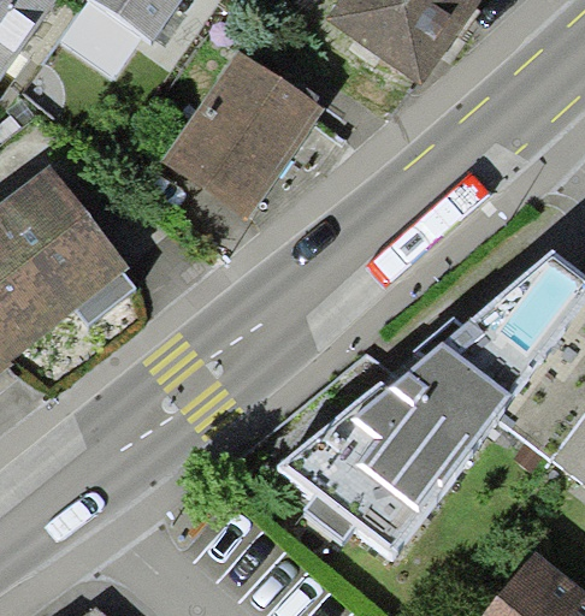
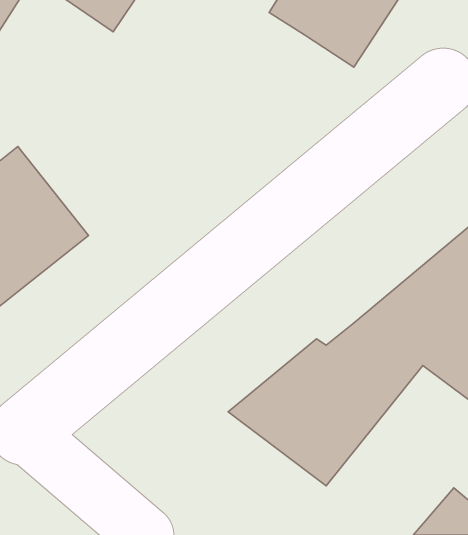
building: [159,48,324,218] -> none

